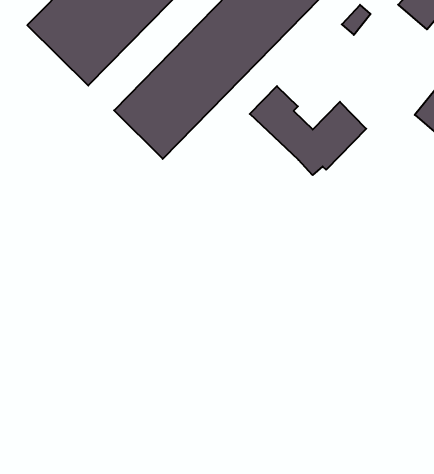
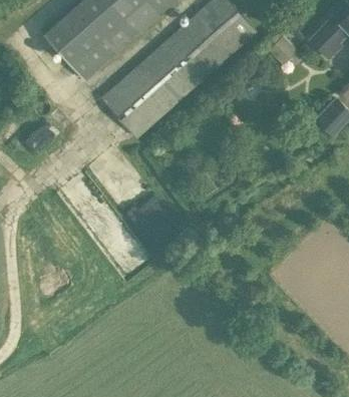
building: [250,86,366,175] -> none

